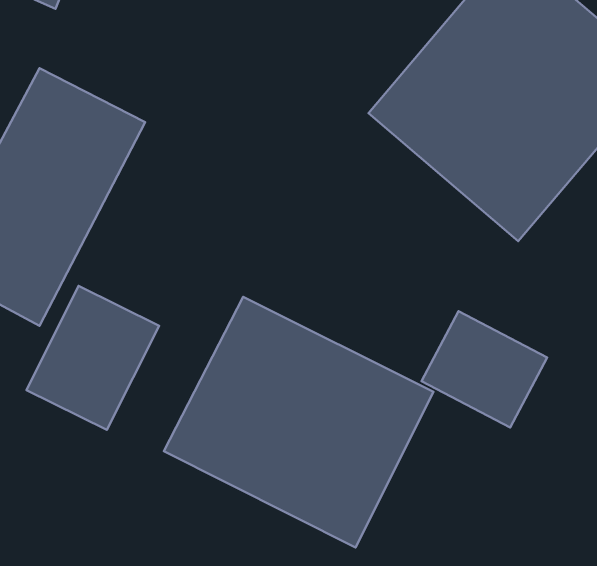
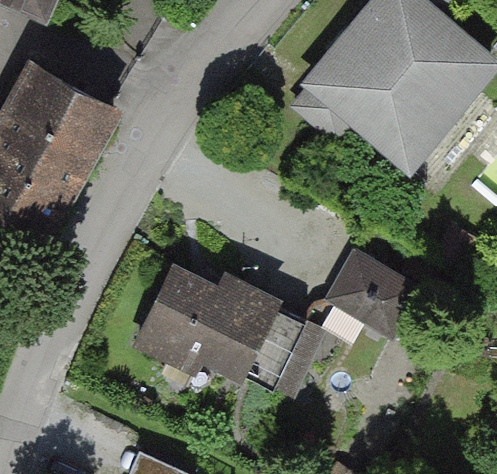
building: [26,286,159,430] -> none

